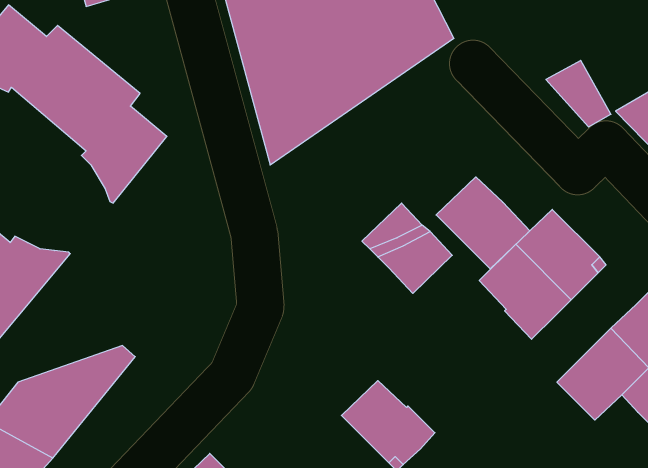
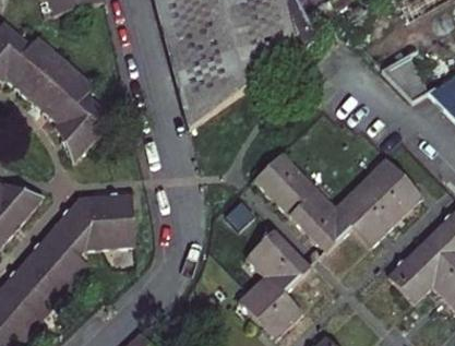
building: [436,177,530,269] -> [285,190,349,253]
building: none -> [13,188,141,277]
building: none -> [242,230,308,295]

